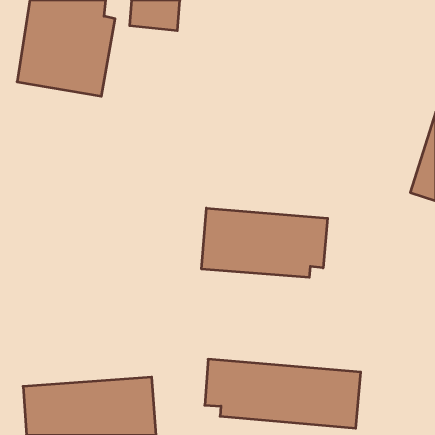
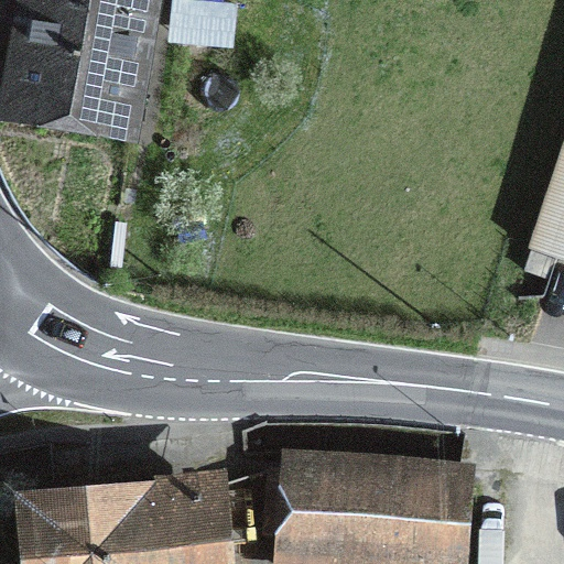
building: [202,208,328,277] -> none

